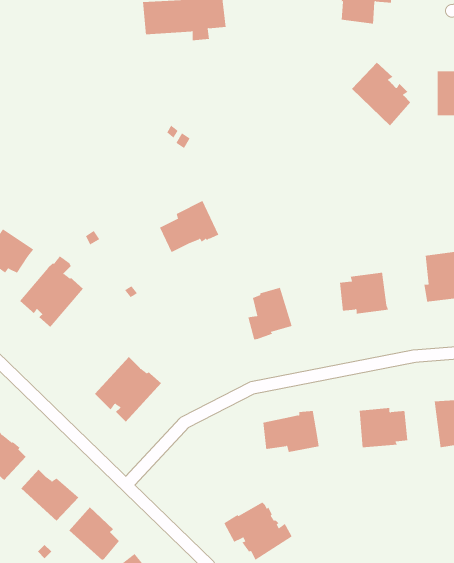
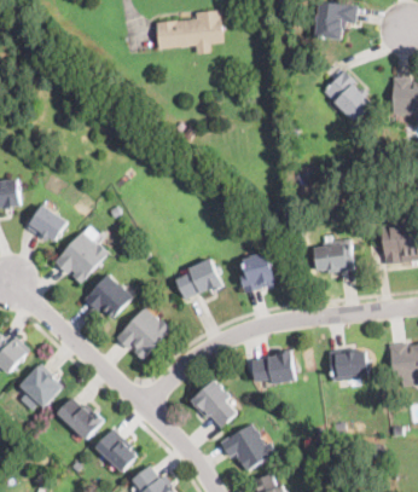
building: [159,200,219,253] -> [175,257,223,300]
building: none -> [85,273,133,319]
building: none -> [191,381,237,428]

